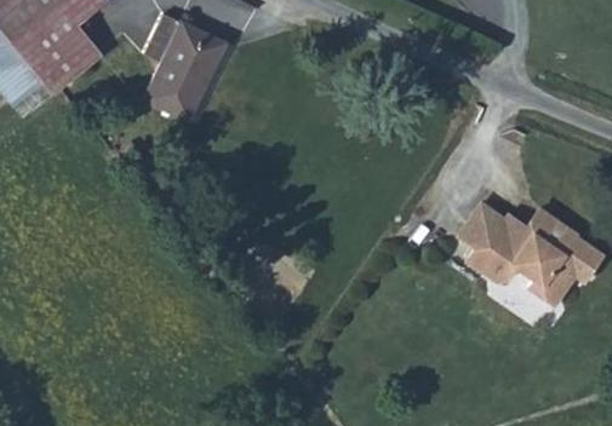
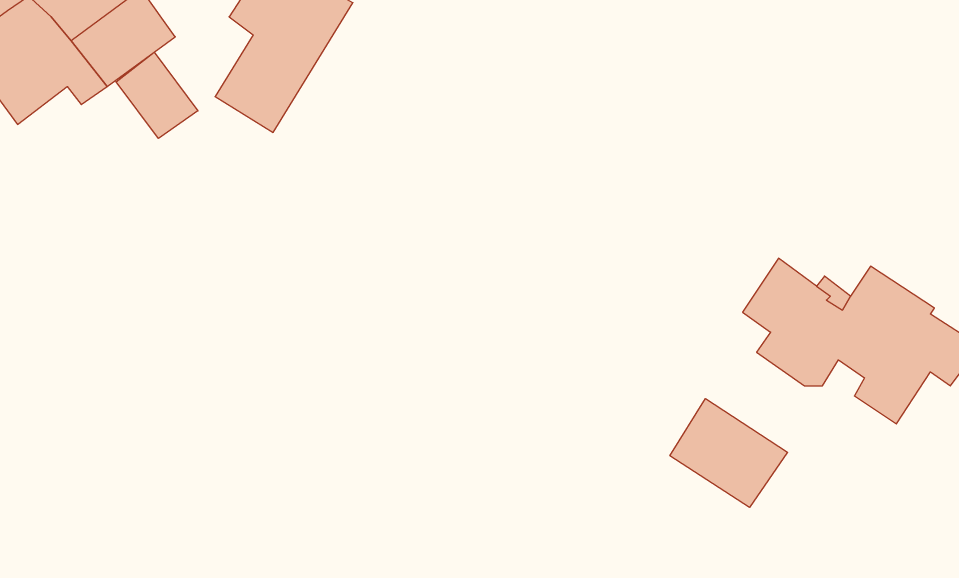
building: none -> [116,52,198,138]
building: none -> [670,399,788,507]

